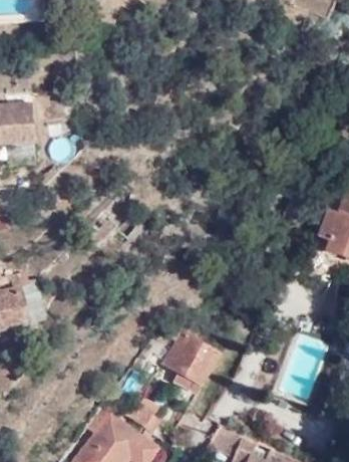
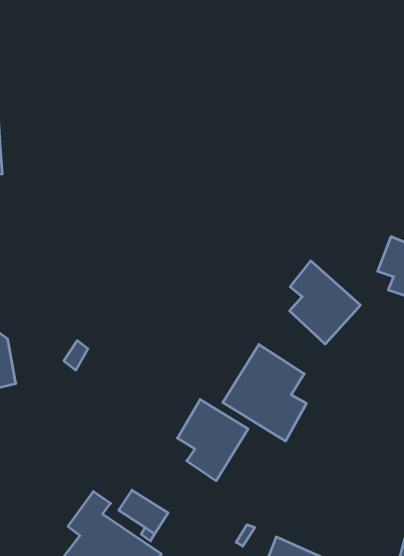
building: none -> [290,261,360,344]
building: none -> [223,344,306,441]

